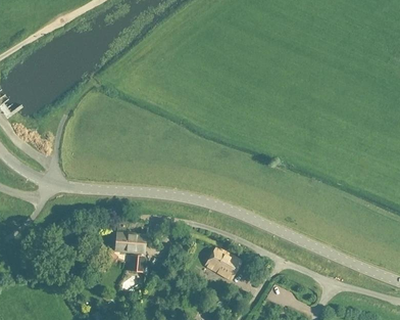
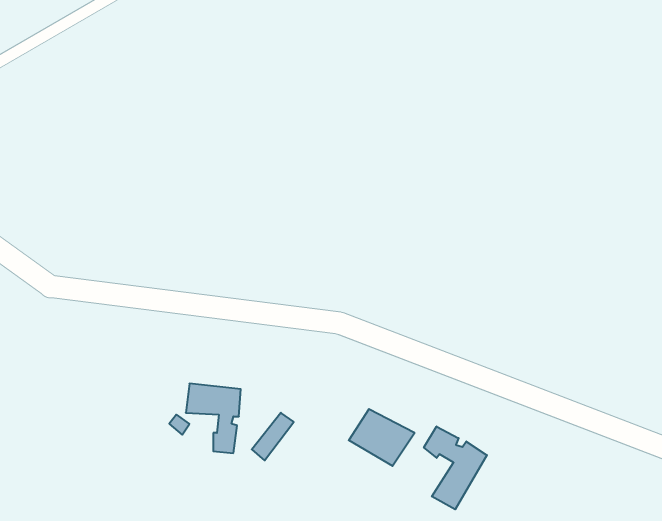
building: none -> [424,426,487,509]

